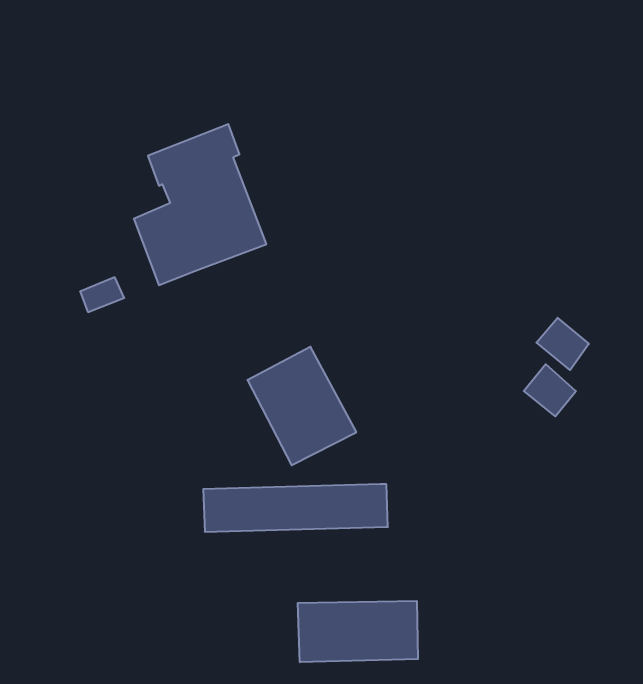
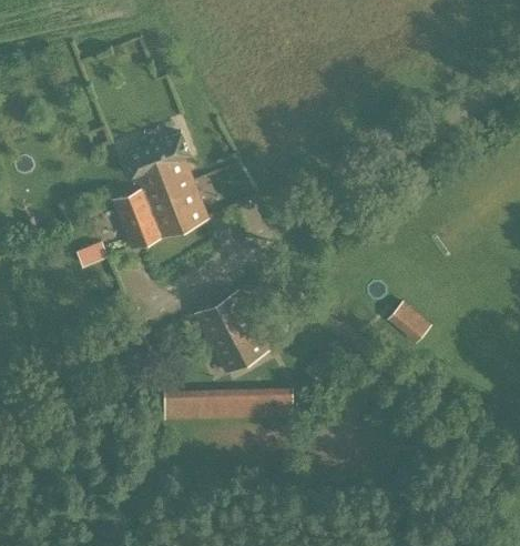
building: [536,318,589,370] -> none
building: [298,601,418,662] -> none

